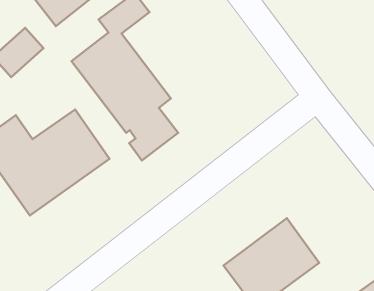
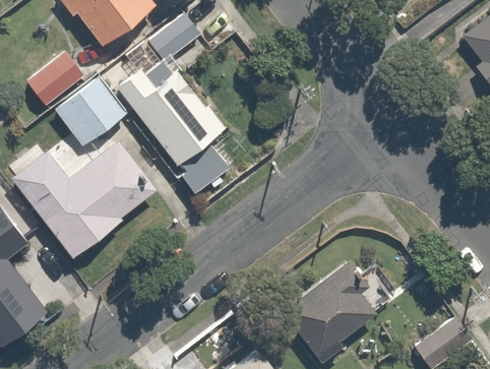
building: none -> [58,76,130,147]

